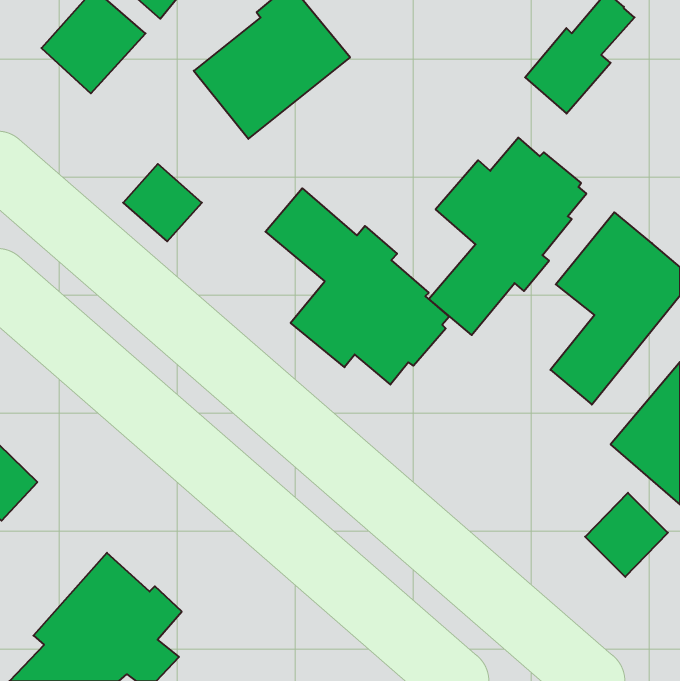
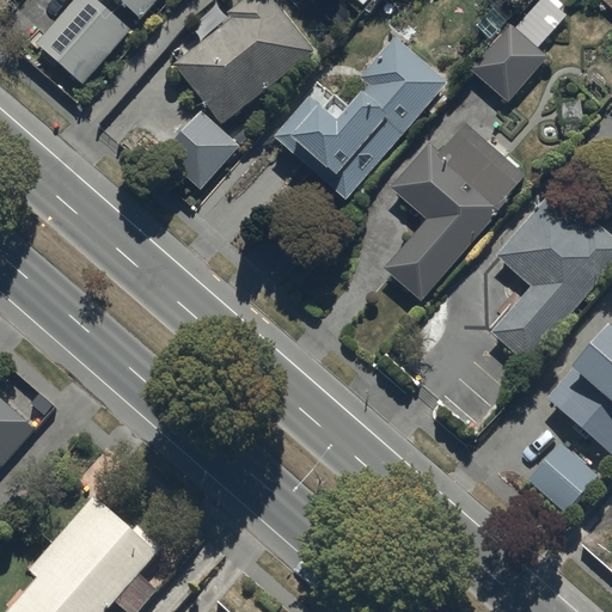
building: none -> [271,39,443,201]
building: [123,164,202,241] -> [169,111,239,180]
building: [265,188,449,385] -> none

